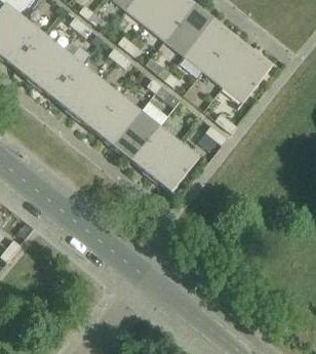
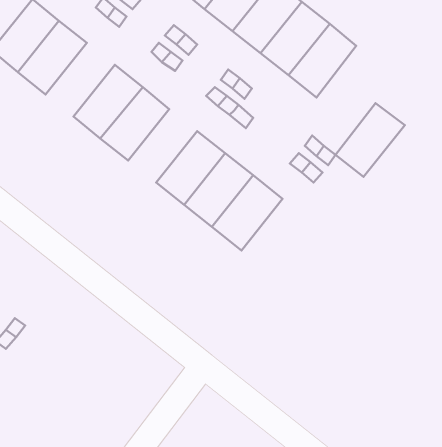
building: [34,47,82,99] -> none
building: [223,49,271,101] -> [336,103,405,177]
building: [91,93,140,145] -> none

